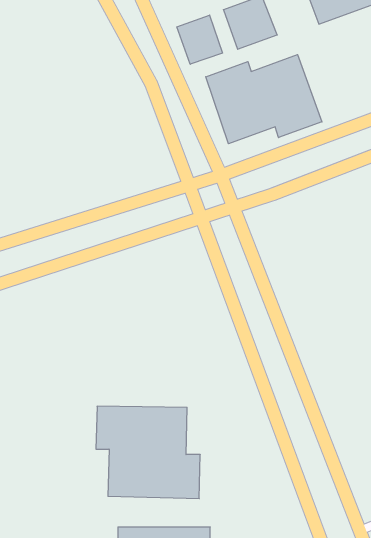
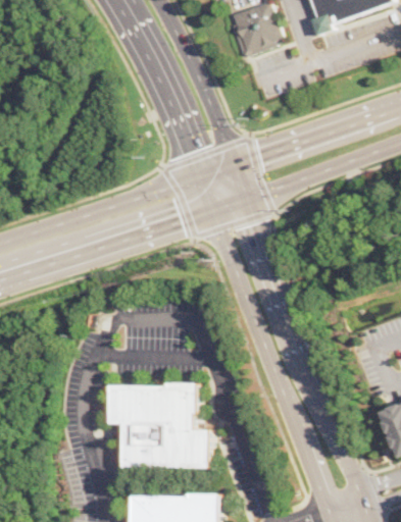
building: [177,15,222,64] -> none
building: [206,55,322,144] -> none

